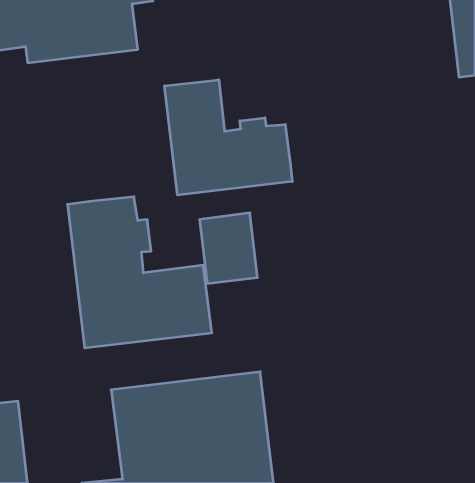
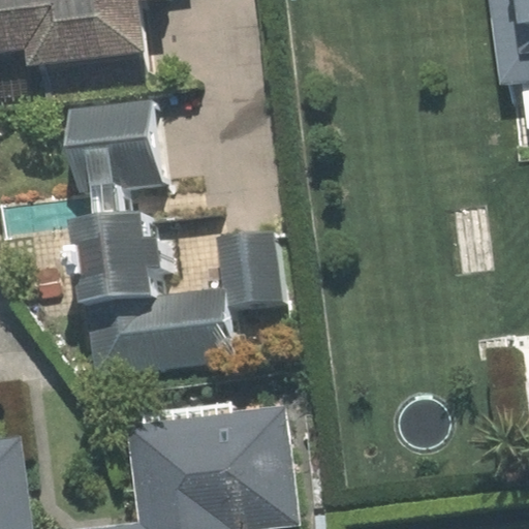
building: [165,80,292,195] -> none
building: none -> [68,98,161,194]

